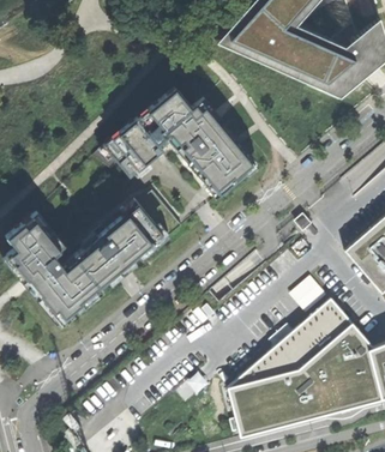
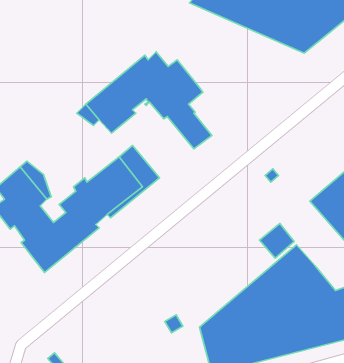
building: [215,133,257,180] -> none

